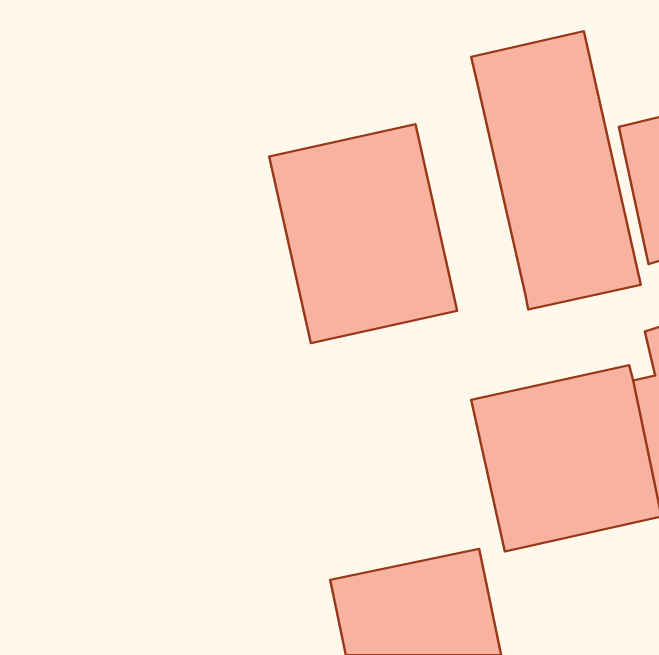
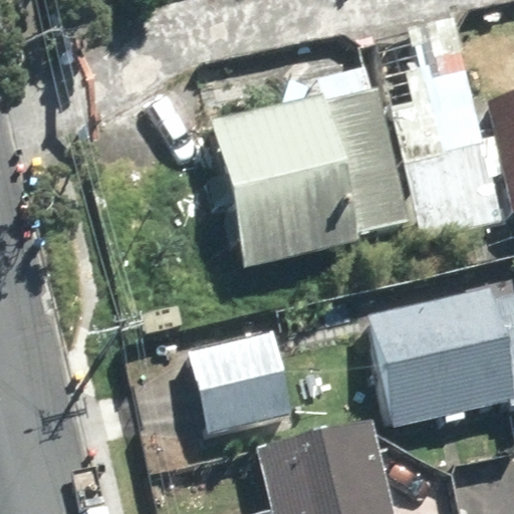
building: none -> [320,66,410,241]
building: none -> [187,331,293,435]

